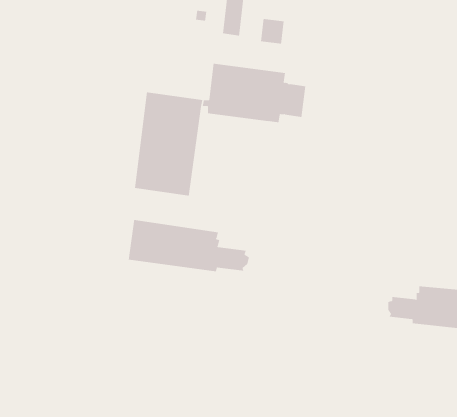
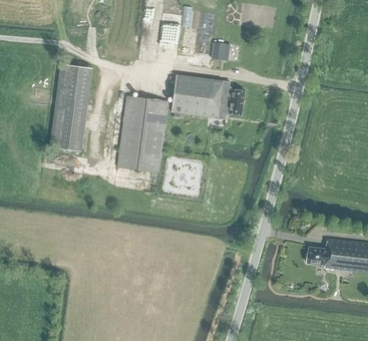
building: none -> [49,66,90,151]
building: [128,219,250,272] -> none

